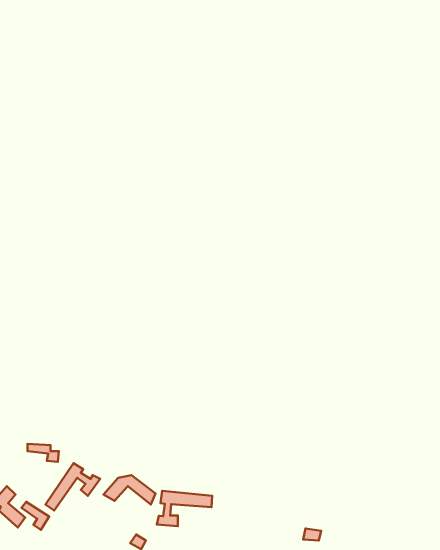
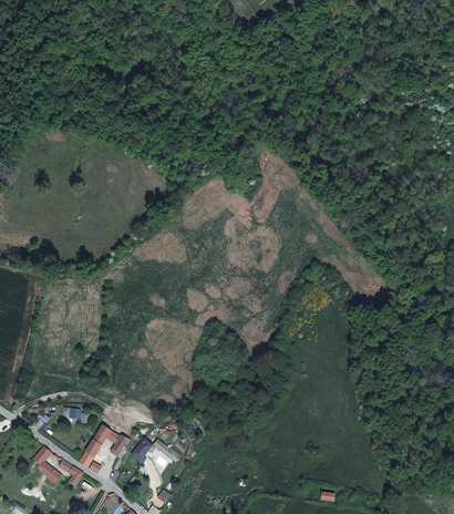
building: [157,491,212,526] -> none

